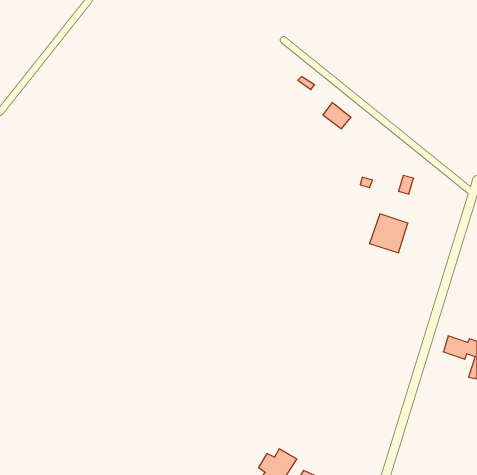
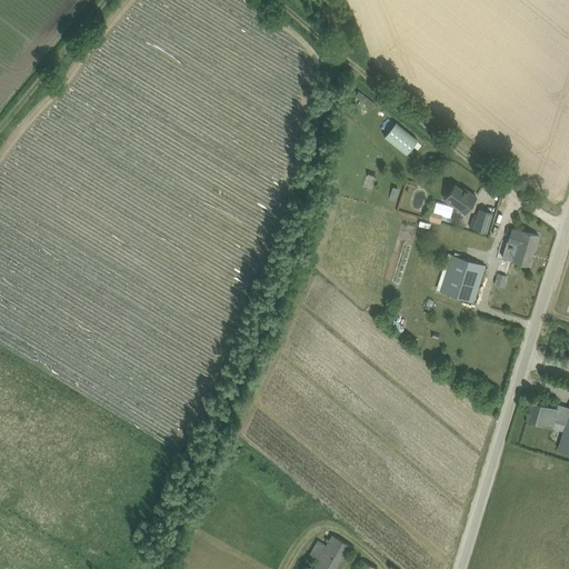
building: none -> [446,187,477,214]
building: none -> [508,230,538,268]

